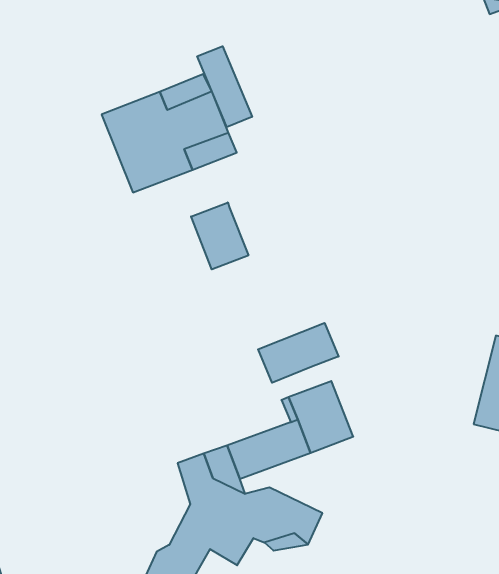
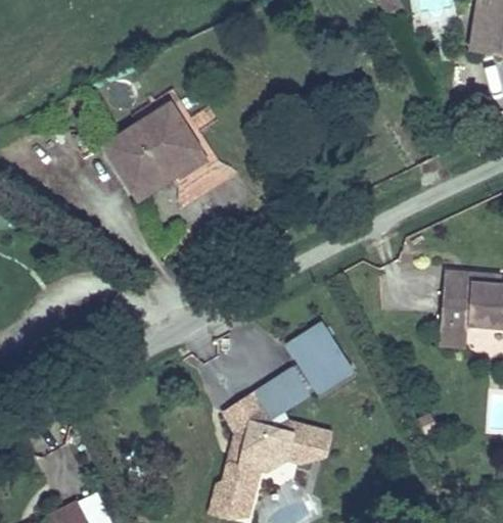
building: [197,46,252,127] -> none
building: [191,202,248,269] -> none
building: [258,323,339,383] -> none

